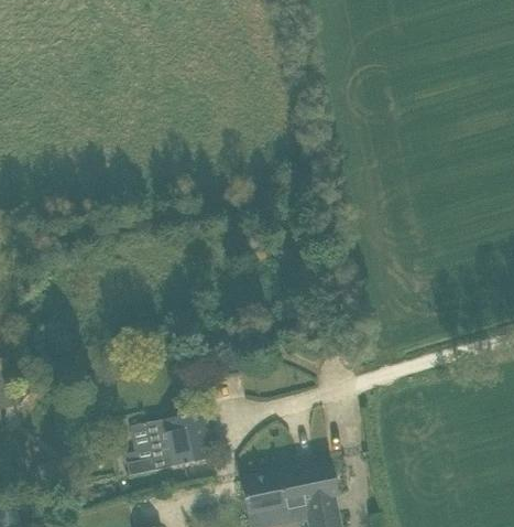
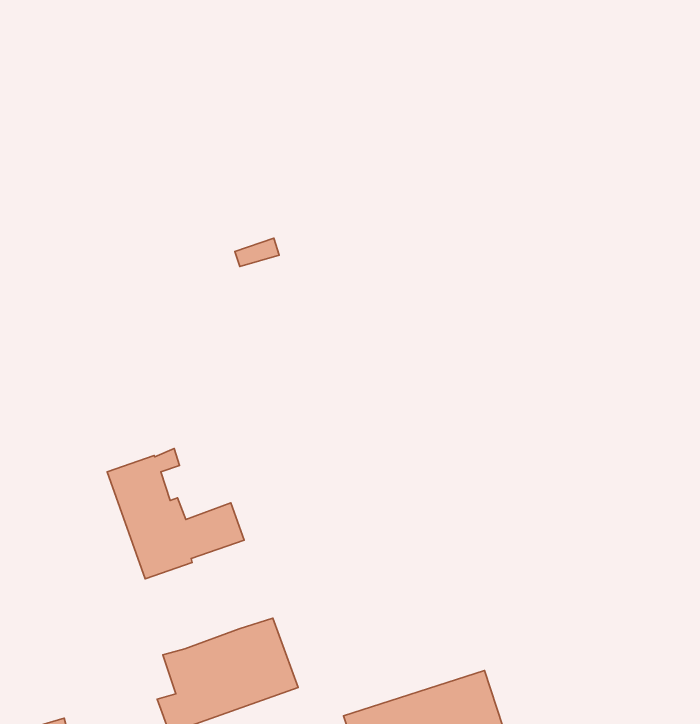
building: none -> [107,449,244,579]

